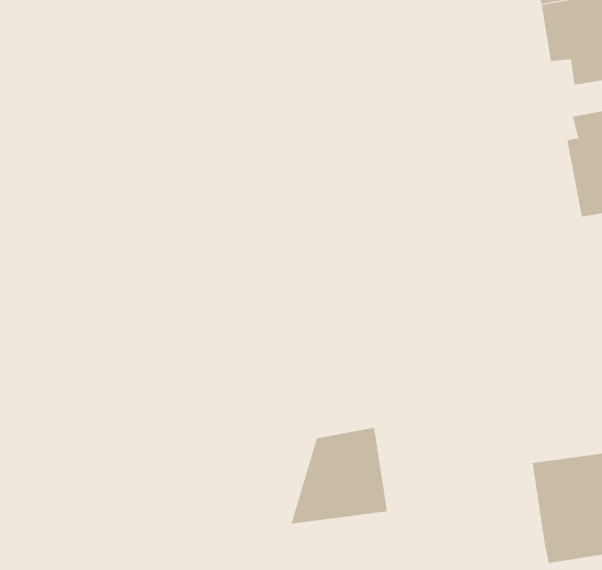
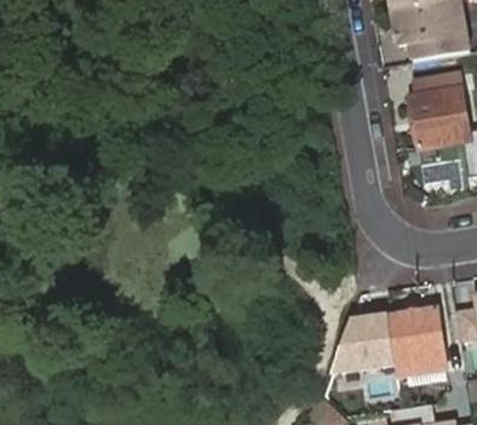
building: [290,427,388,524] -> [329,311,393,375]

